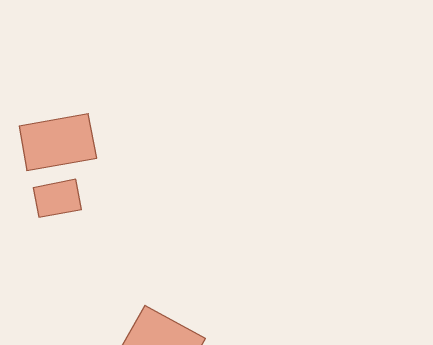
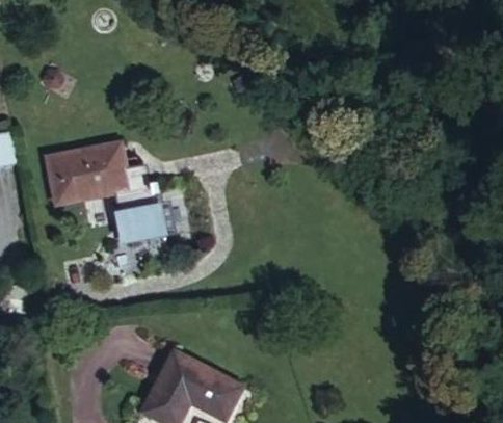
building: [33,179,81,217] -> [117,212,170,254]

